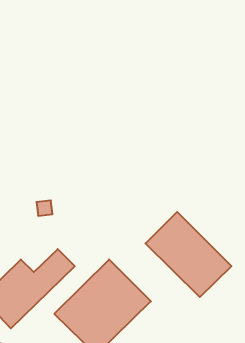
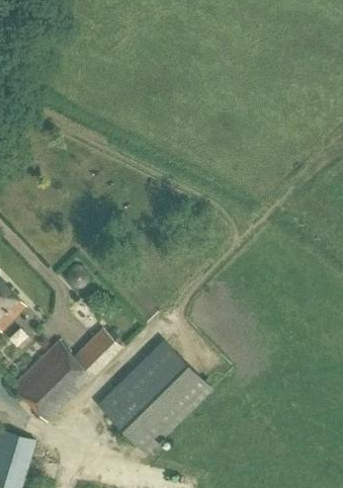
building: [145,212,231,297] -> none

